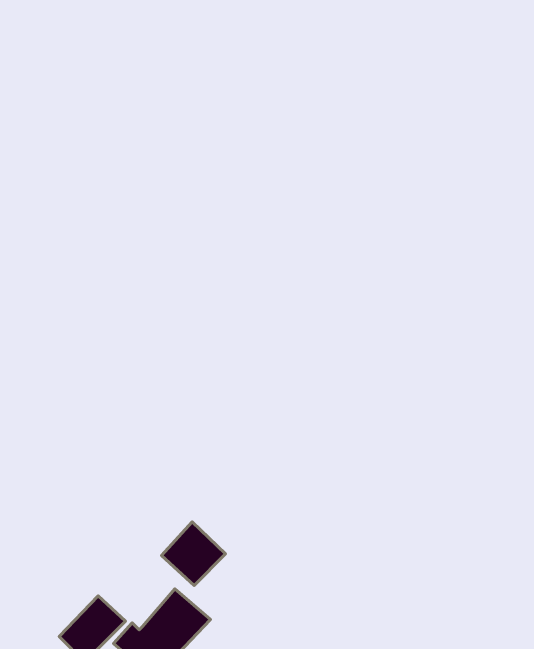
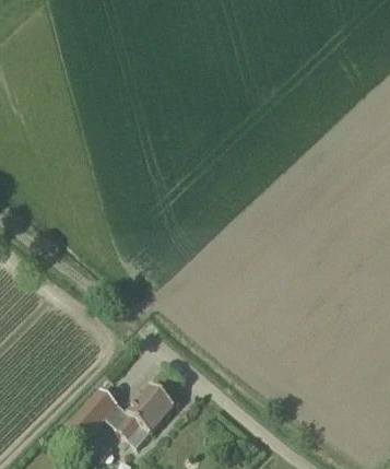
building: [161,522,225,586] -> none

